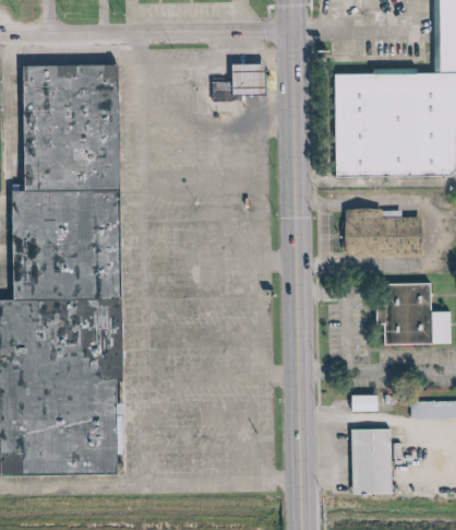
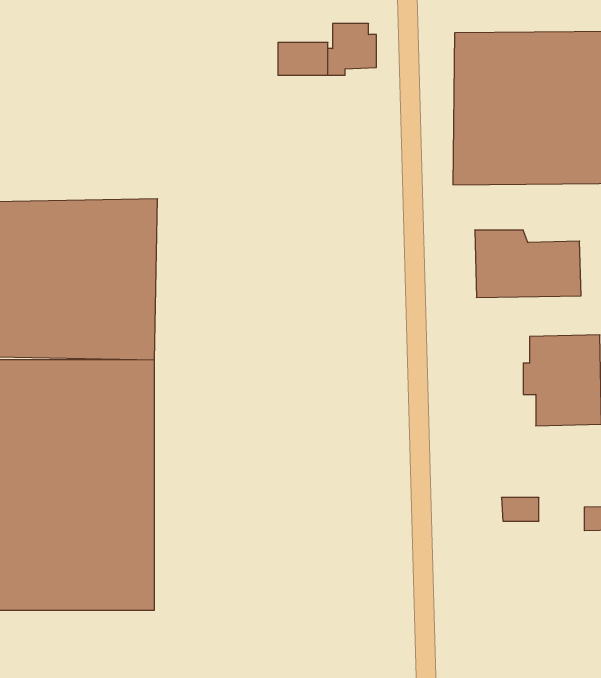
building: [19,60,120,189] -> none
building: [360,428,400,495] -> none

